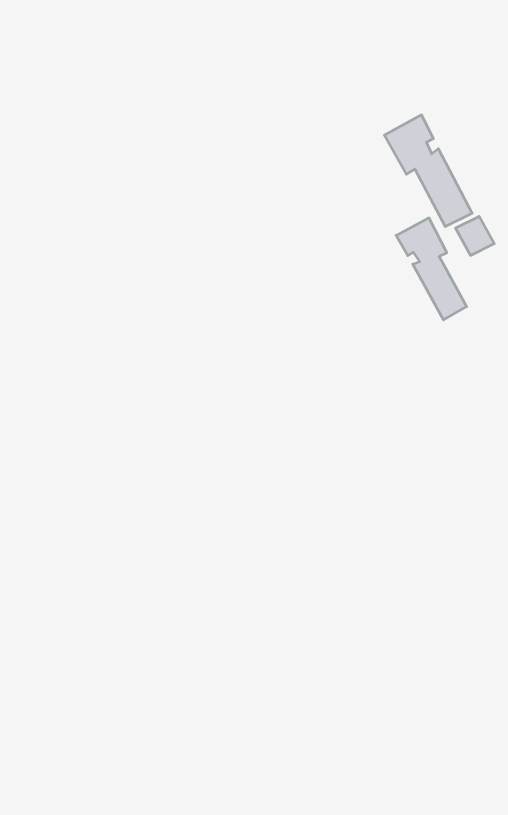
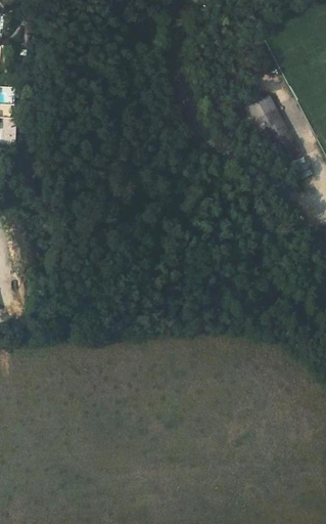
building: [396,218,467,320] -> none

